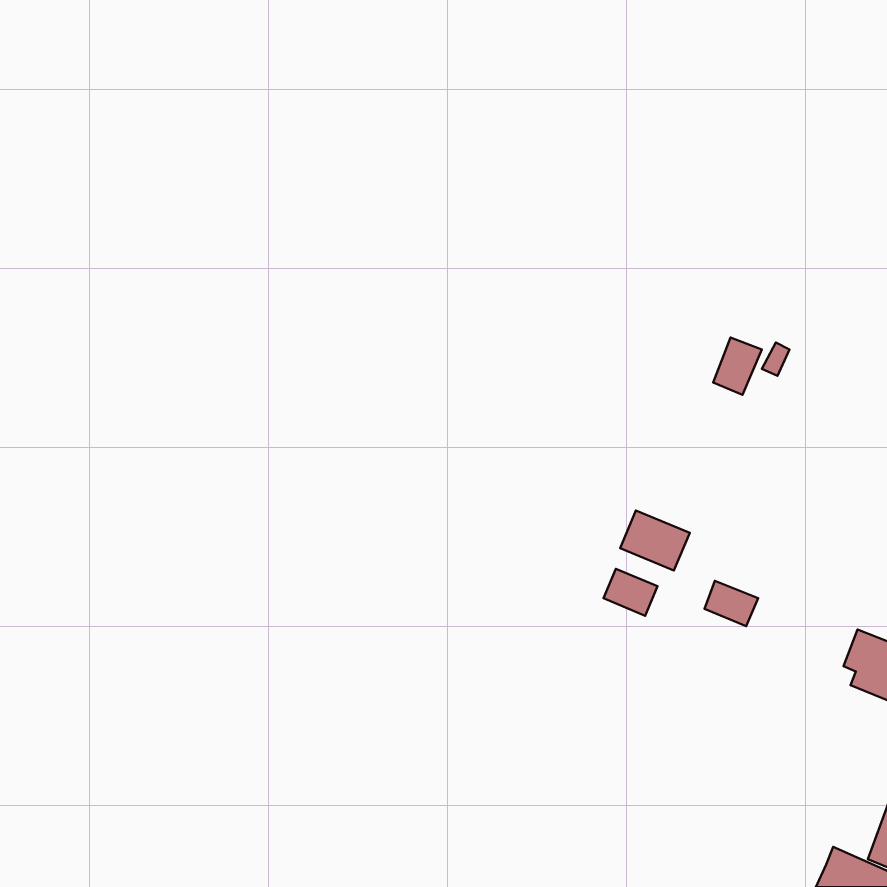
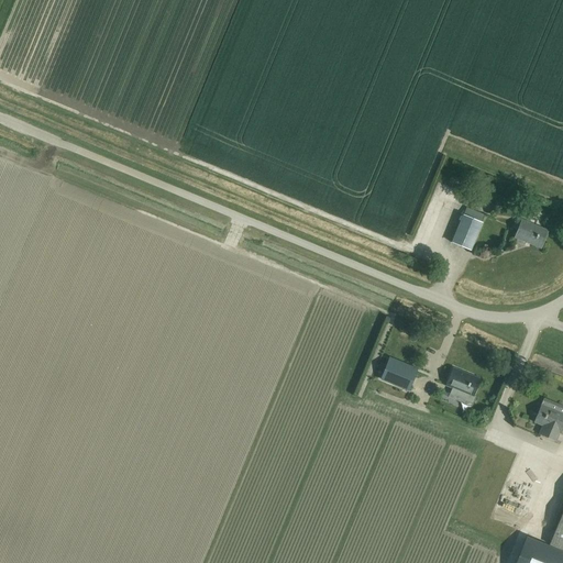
building: none -> [515,219,549,247]
building: [620,510,690,570] -> none

